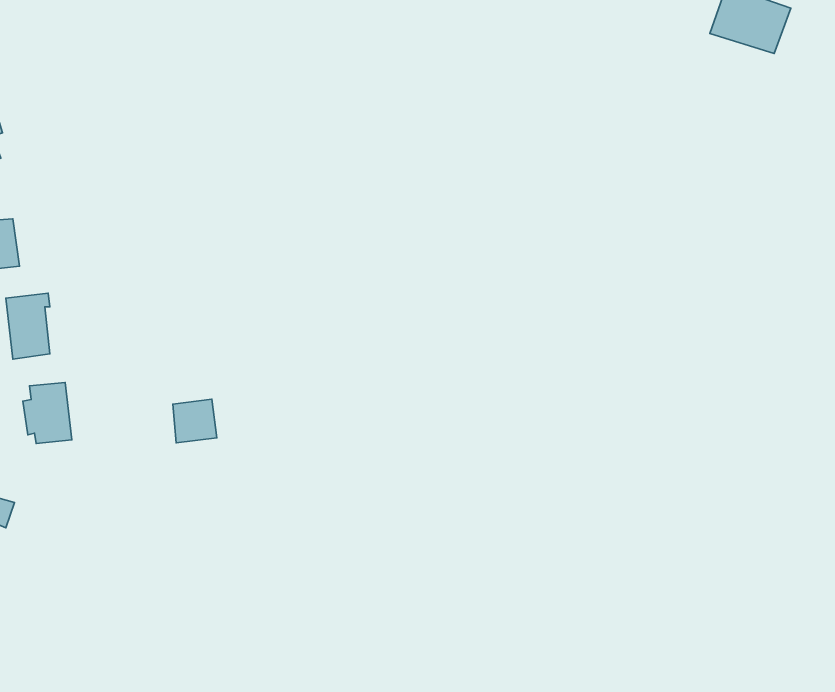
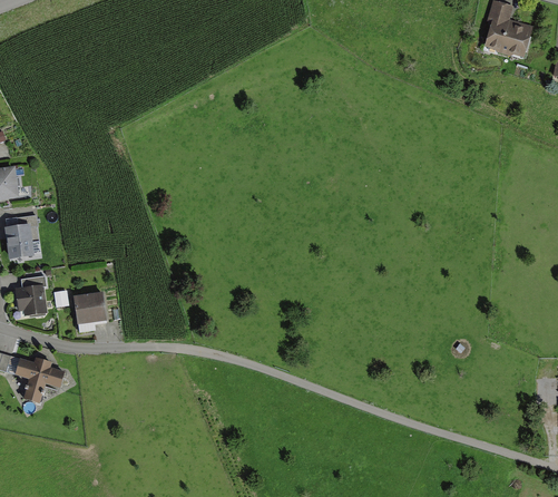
building: [173,399,217,443] -> [78,292,107,321]
building: none -> [20,357,67,400]

